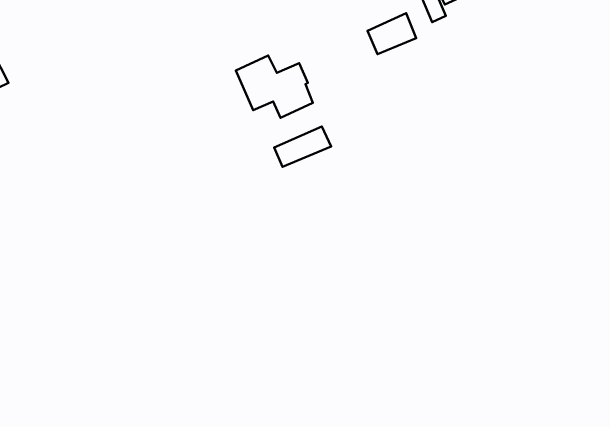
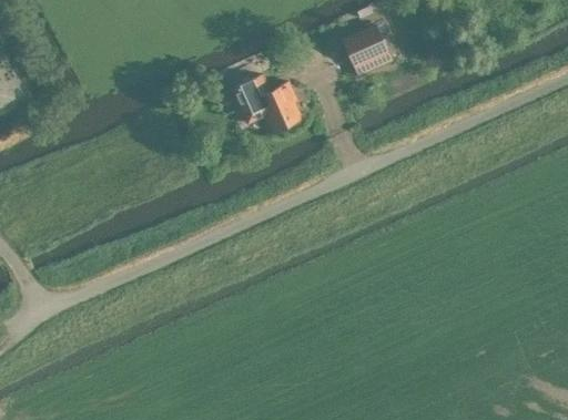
building: [274,127,331,167] -> none

